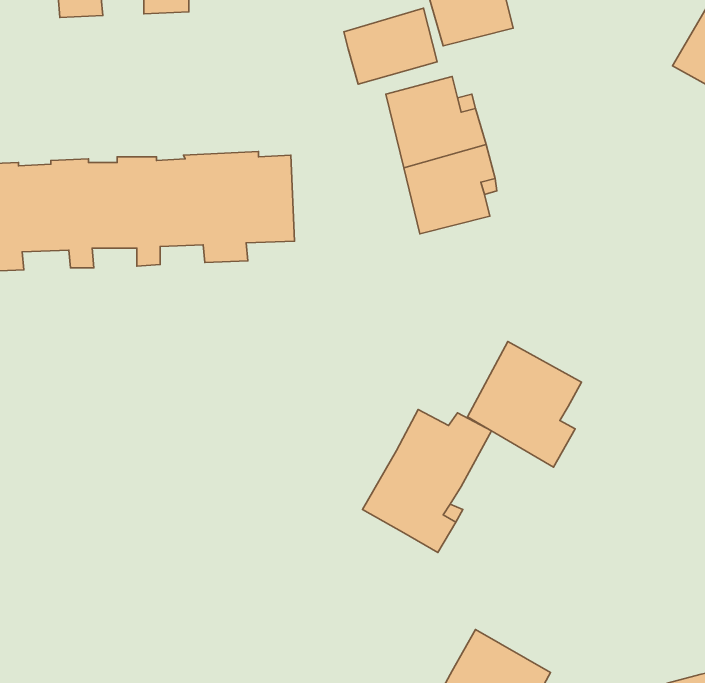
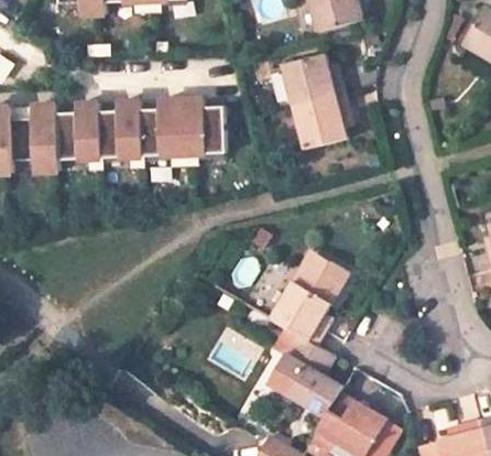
building: [344,8,437,84] -> none
building: [467,341,582,467] -> none
building: none -> [273,333,341,417]

